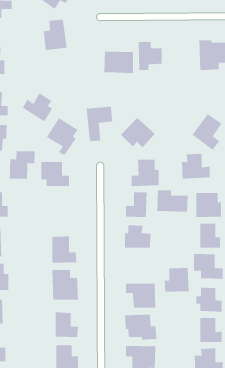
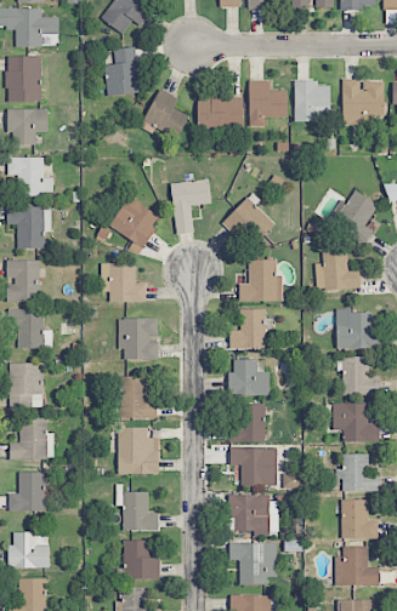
building: none -> [294,80,330,122]
building: none -> [140,88,187,137]
building: [22,92,53,123] -> none
building: [9,150,35,180] -> none
building: [157,189,188,213] -> none
building: none -> [118,318,158,360]
building: [164,267,189,293] -> [227,404,266,442]

